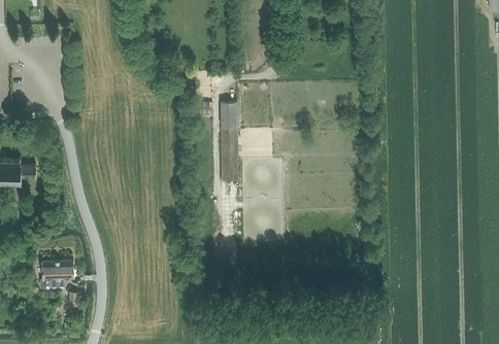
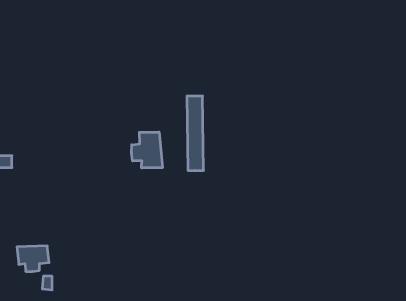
building: none -> [132,132,162,168]

